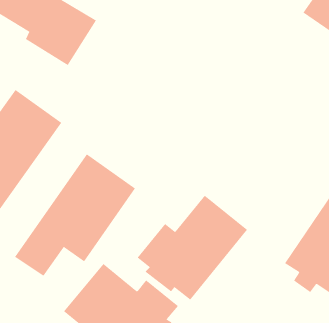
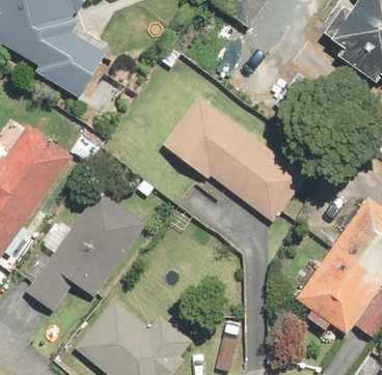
building: none -> [164,95,310,224]
building: [137,195,248,301] -> none

